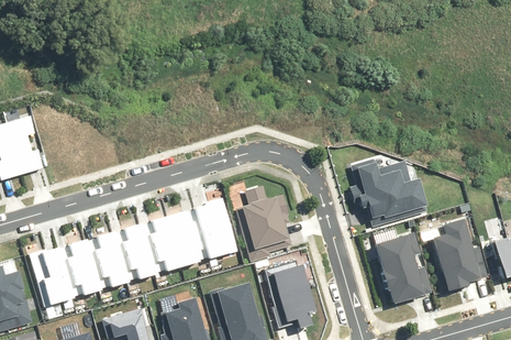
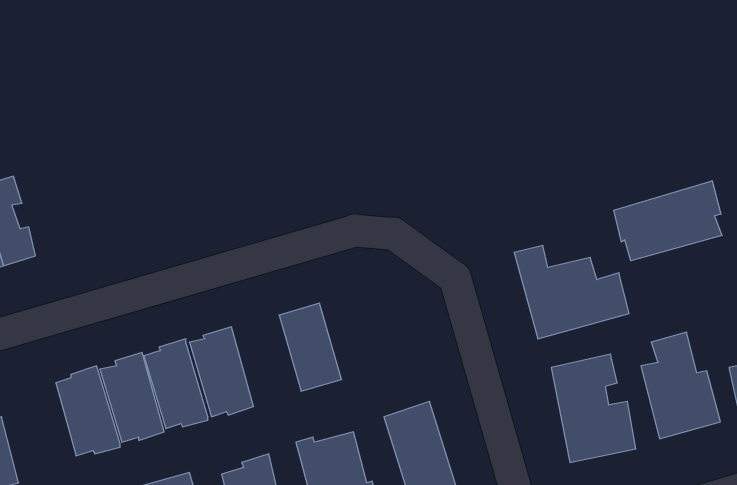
building: none -> [614,181,722,261]
building: [234,182,293,262] -> none
building: [171,208,213,267] -> none
building: [25,249,67,308] -> none

